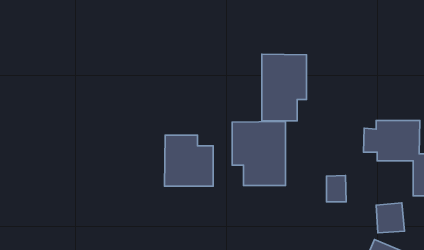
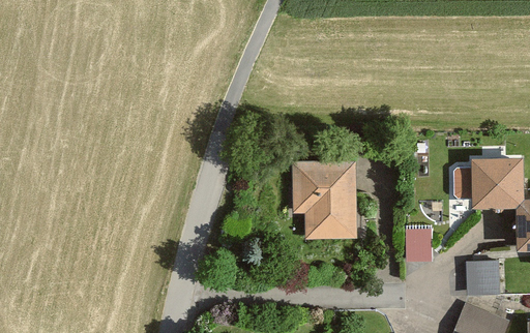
building: [262,54,306,121] -> none
building: [164,135,213,186] -> none

